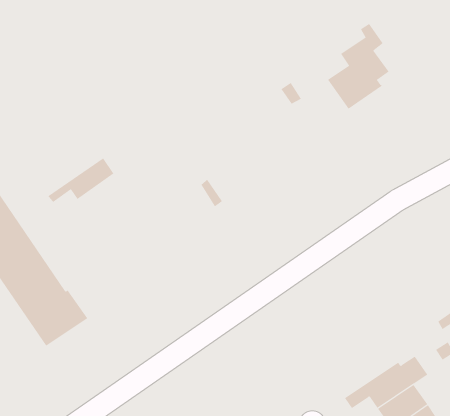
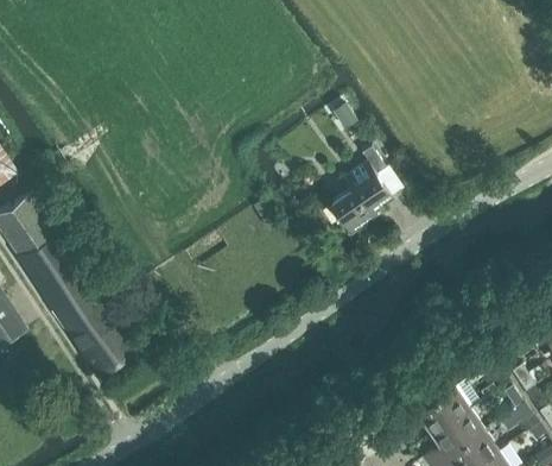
building: [327,23,390,109] -> [329,150,392,237]
building: [48,157,114,203] -> none

